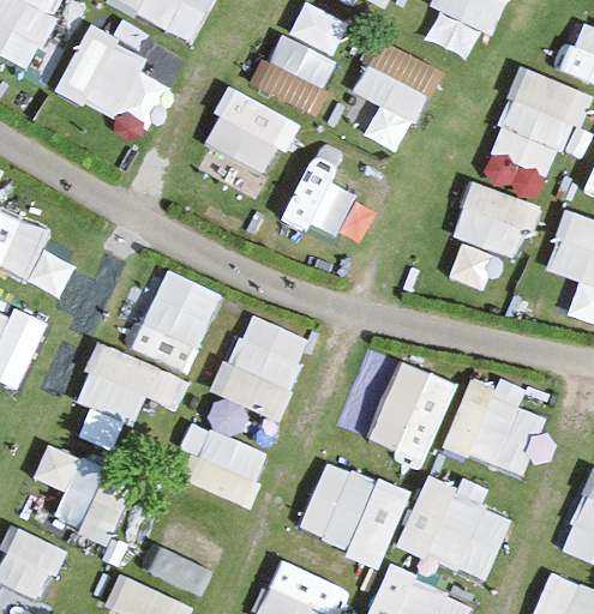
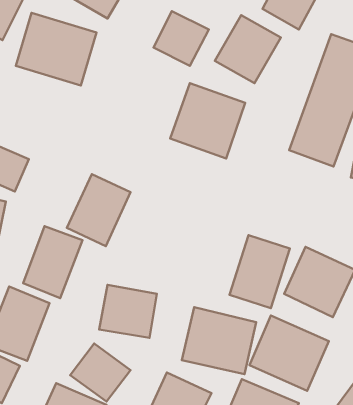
building: [202,89,296,176] -> none
building: [215,312,311,420] -> none

